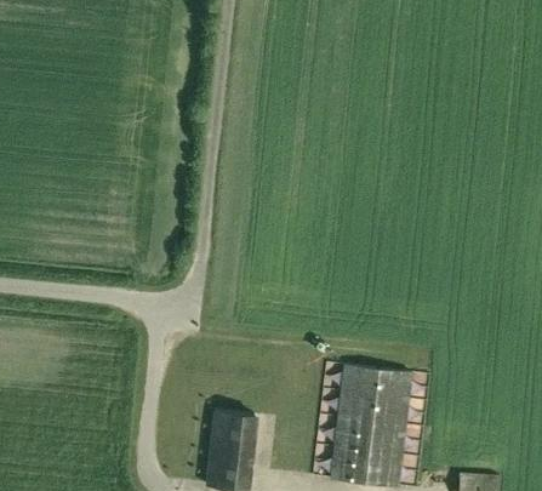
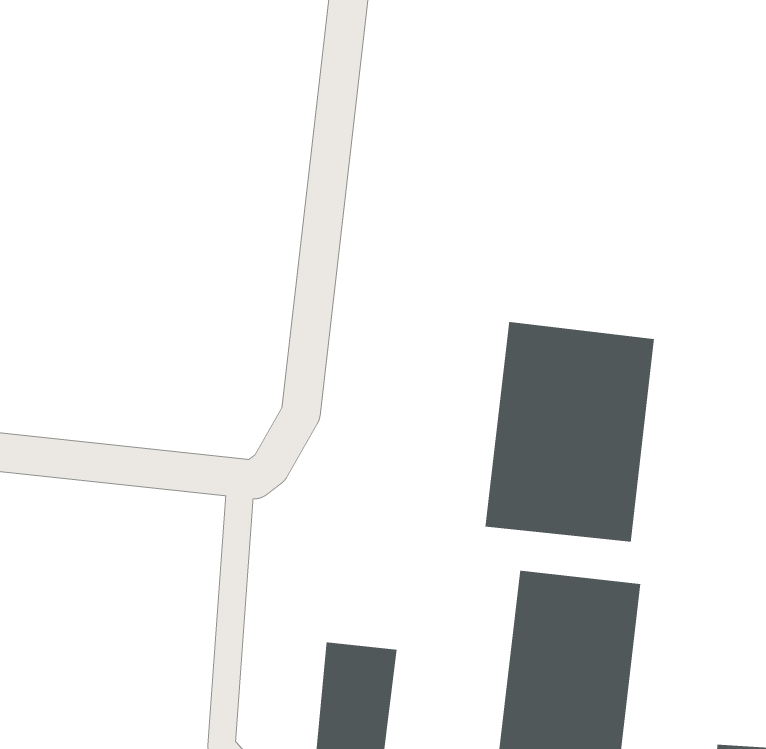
building: none -> [485,321,655,543]

